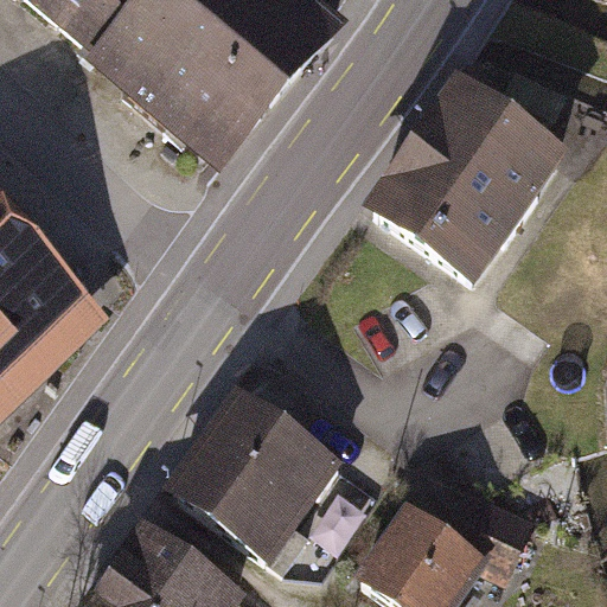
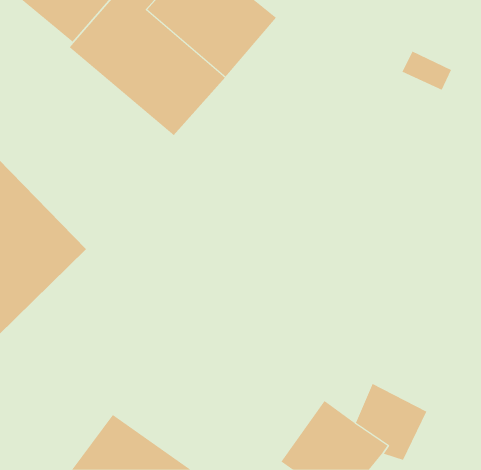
building: [364,75,566,285] -> none
building: [164,382,344,561] -> none

